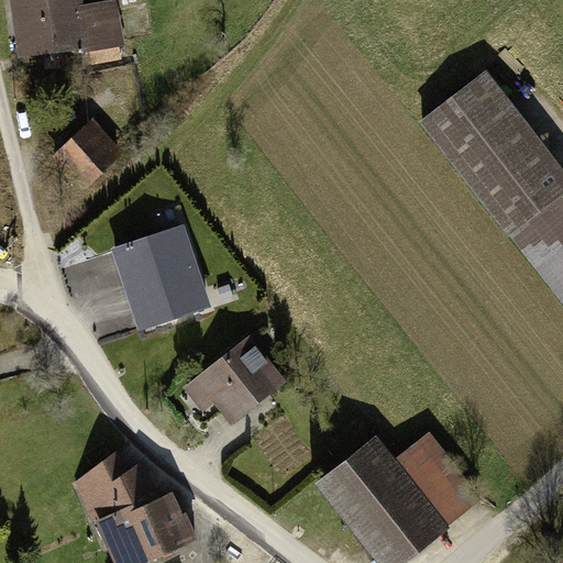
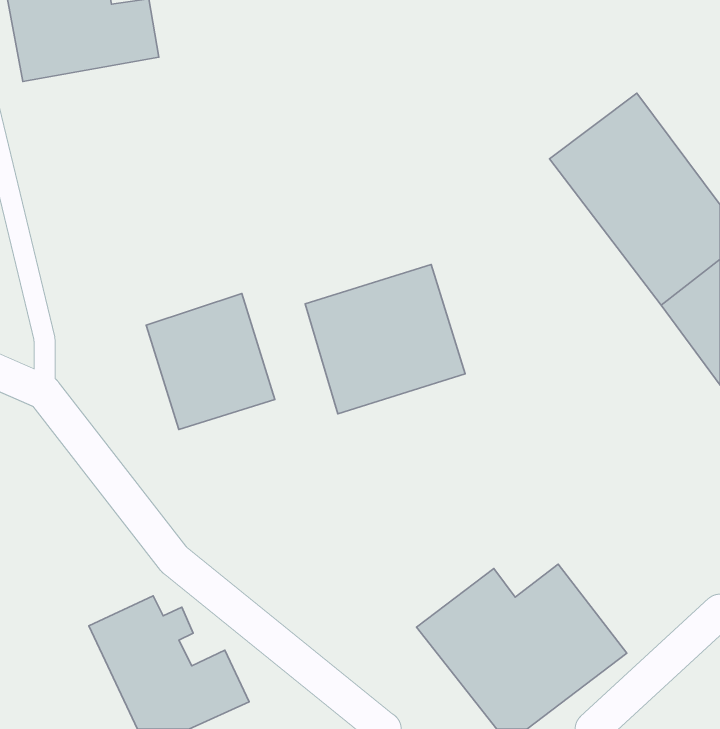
building: [48,117,126,194] -> none
building: none -> [305,265,465,414]
building: [183,332,290,423] -> none

